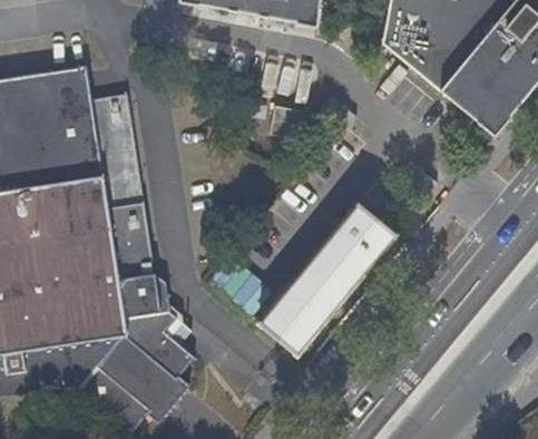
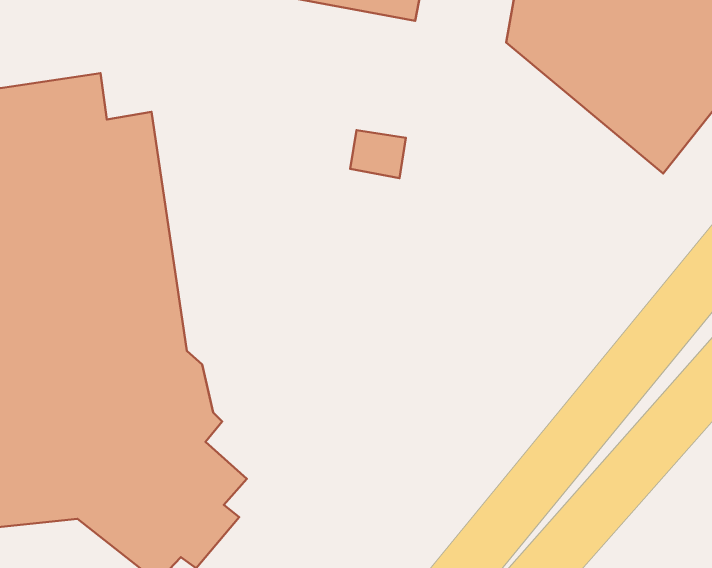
building: [258,203,395,355] -> none

